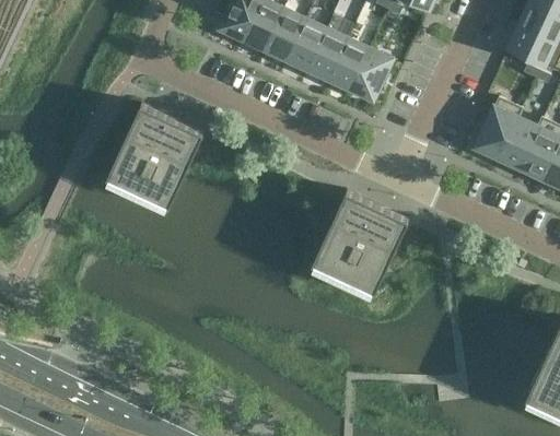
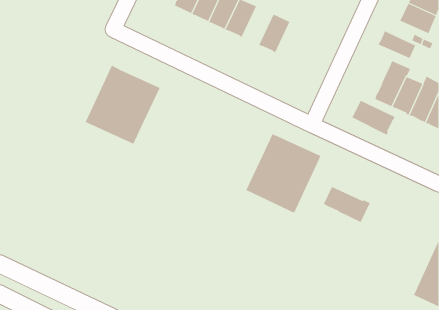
building: [308,32,348,81] -> none
building: [351,51,392,102] -> none
building: none -> [378,31,416,59]
building: none -> [352,100,395,135]
building: none -> [323,186,370,223]

